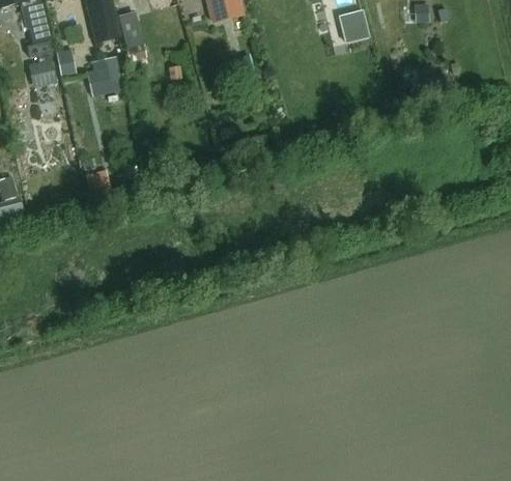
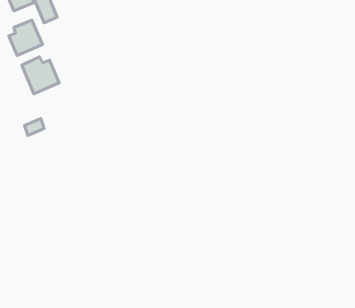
building: none -> [22,57,59,94]

